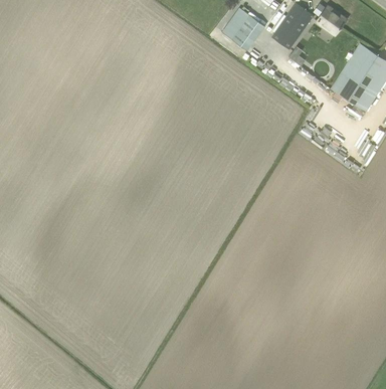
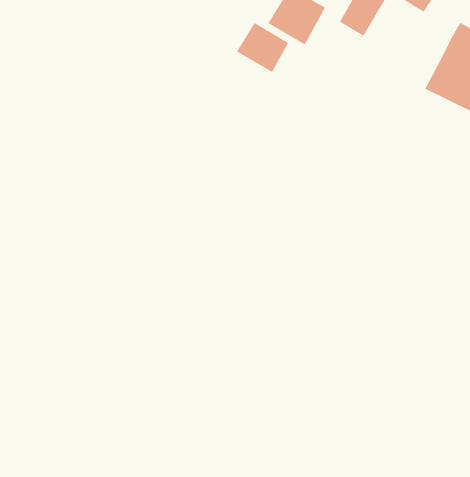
building: none -> [236,22,289,73]

